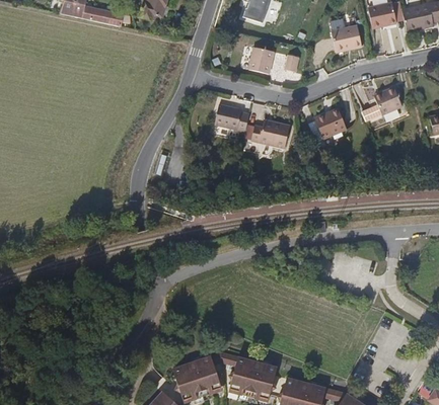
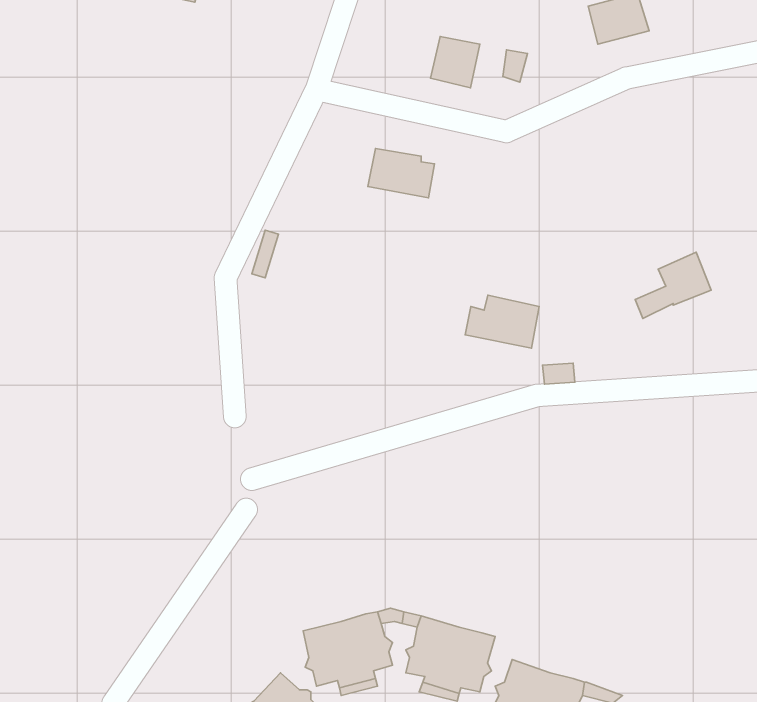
building: [361,87,401,123] -> [635,252,711,319]
building: [314,109,347,140] -> none
building: [248,119,288,148] -> [465,295,539,348]

